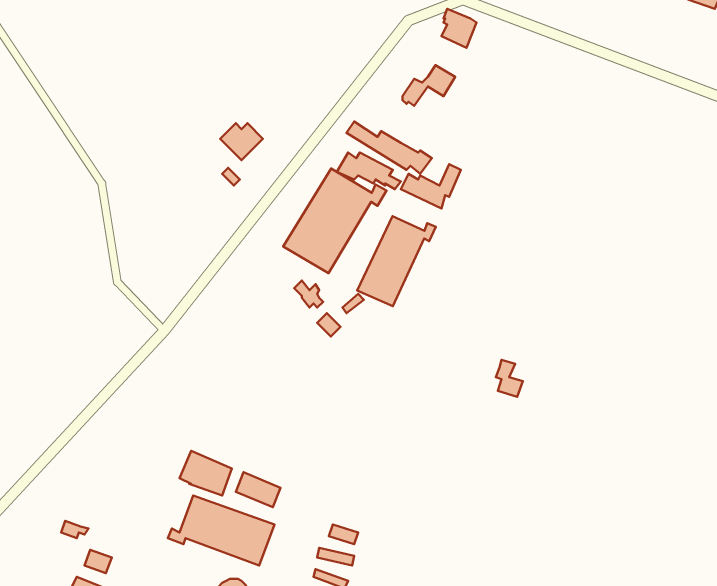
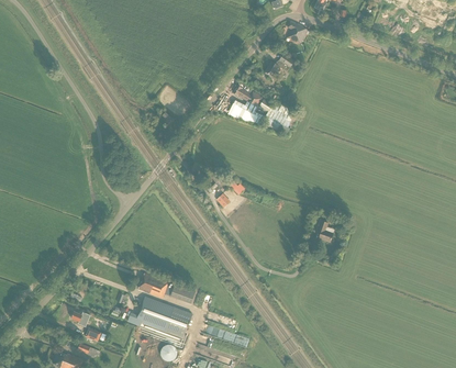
building: [283,168,386,273] -> none
building: [357,216,436,306] -> none

